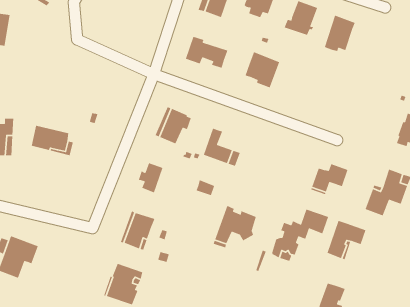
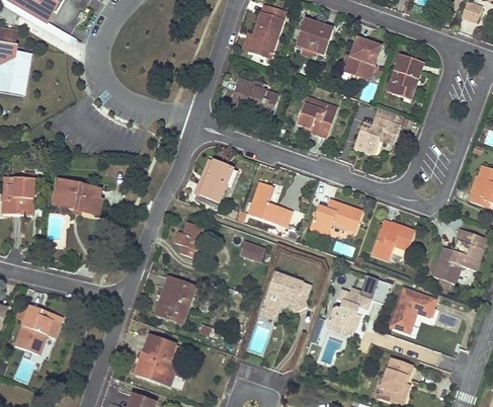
building: none -> [354,106,402,154]
building: none -> [310,200,362,235]

